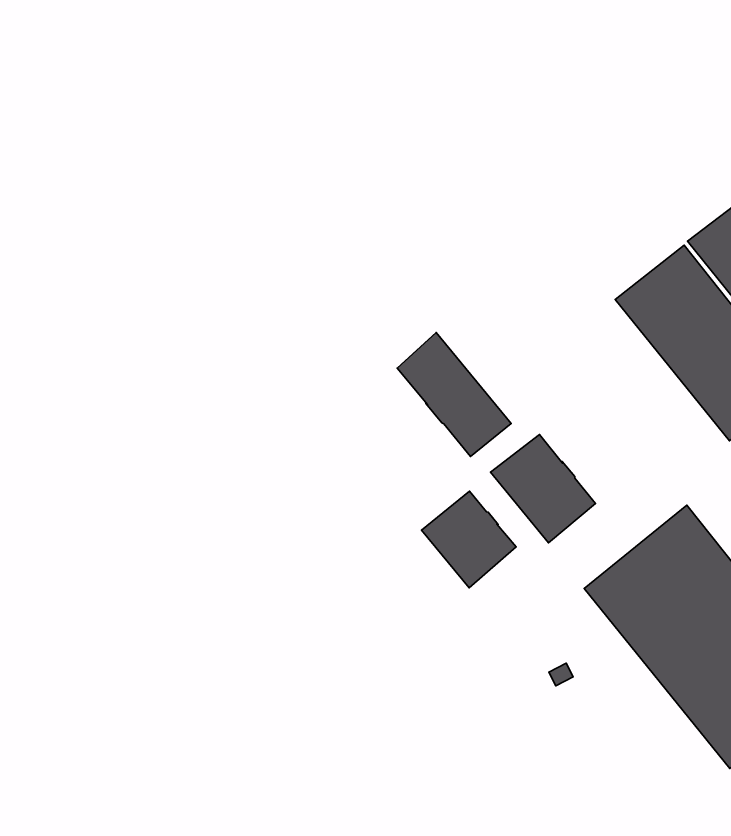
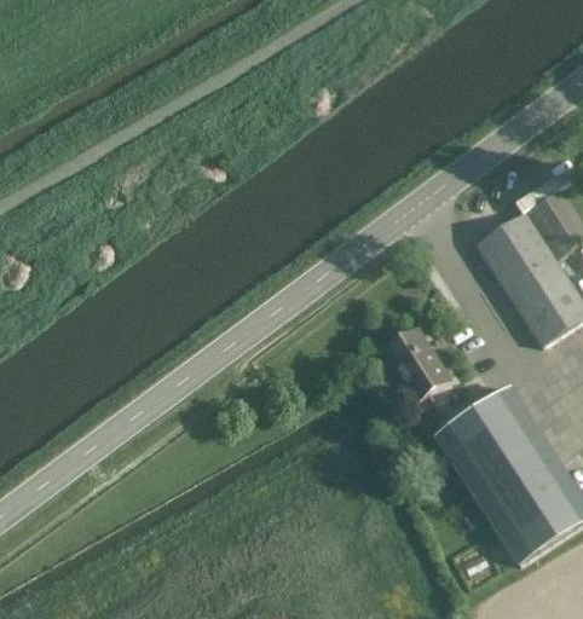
building: [397,333,511,456] -> none
building: [422,491,516,588] -> none

